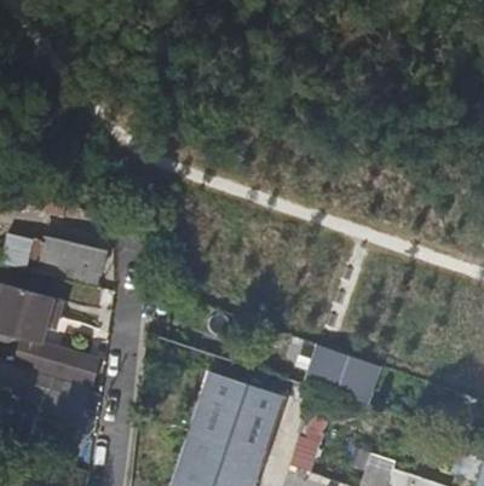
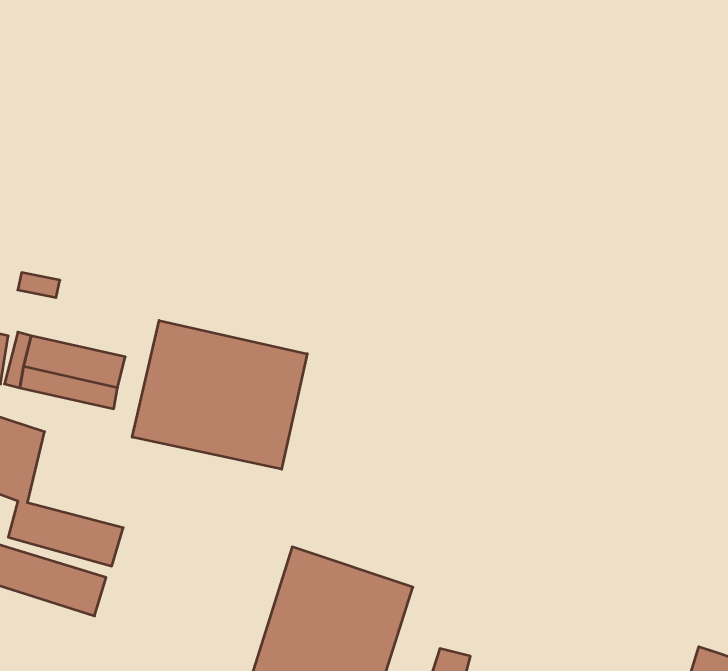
building: none -> [132,320,307,469]
building: [305,343,379,404] -> none

